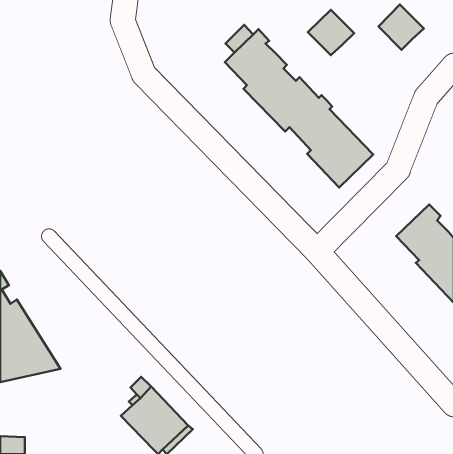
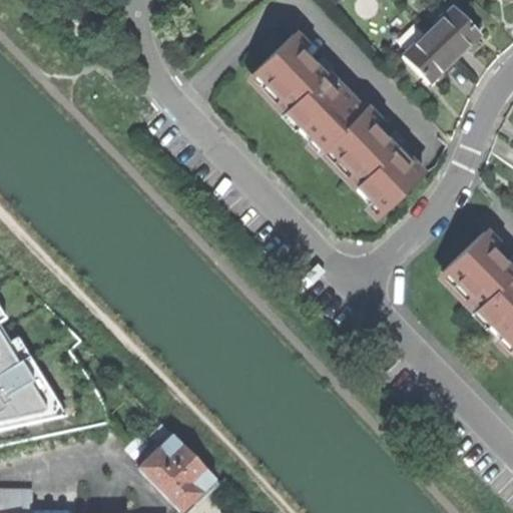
building: [308,10,354,55] -> [402,30,454,81]

